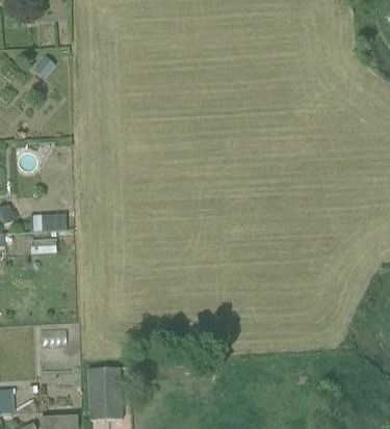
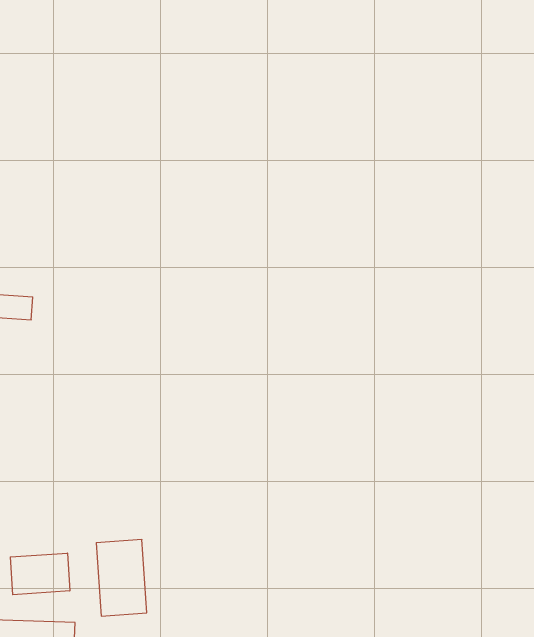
building: none -> [10,553,70,595]

